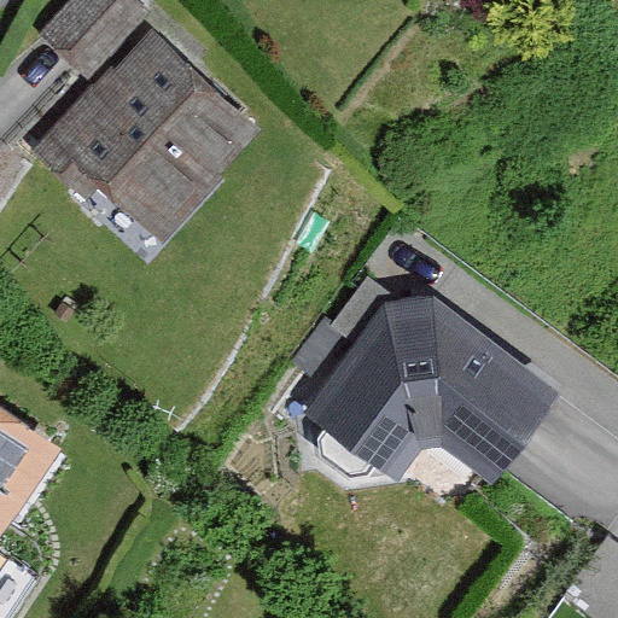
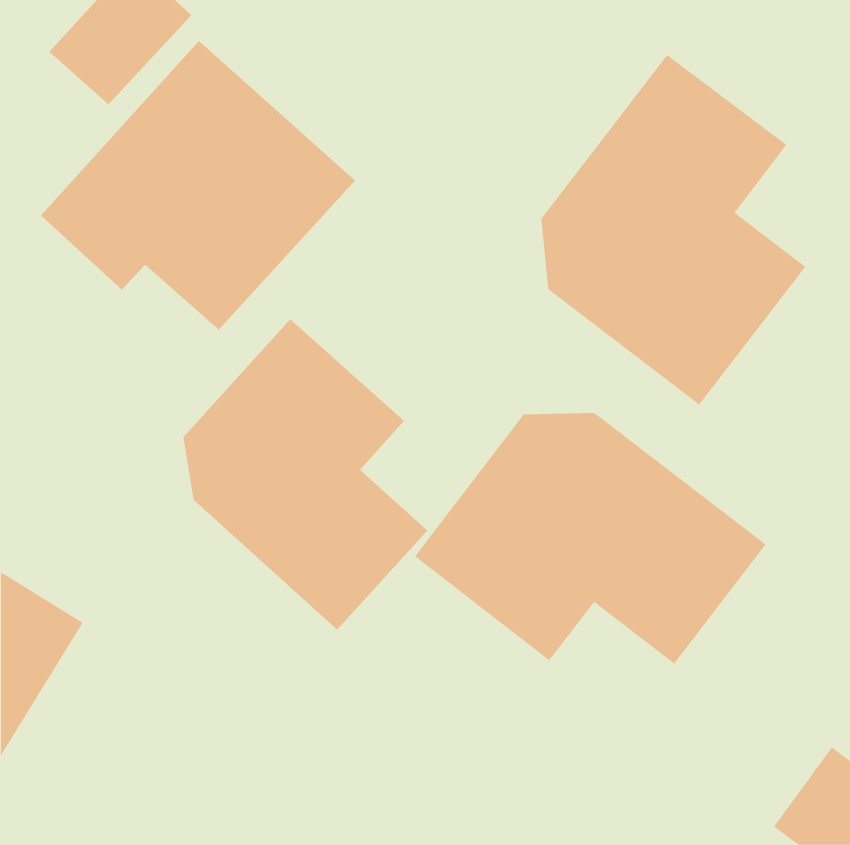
building: none -> [541,54,806,406]
building: none -> [183,318,428,631]

